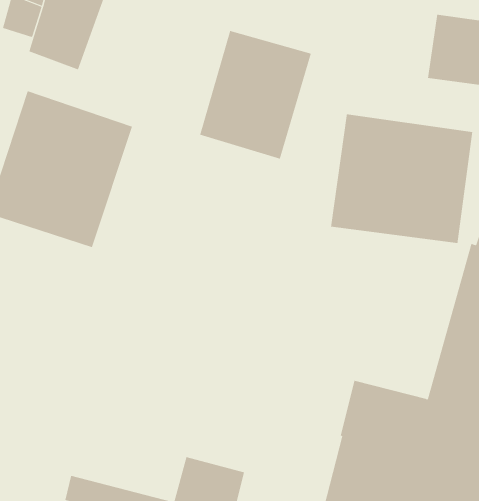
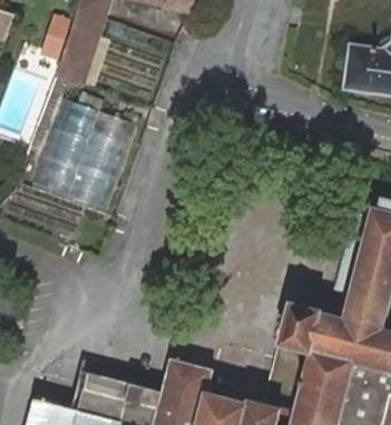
building: [199,30,311,159] -> none
building: [331,114,473,244] -> none

